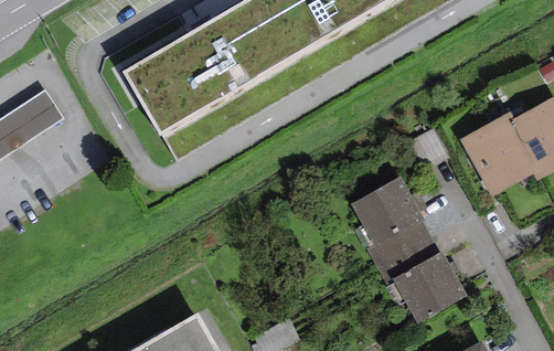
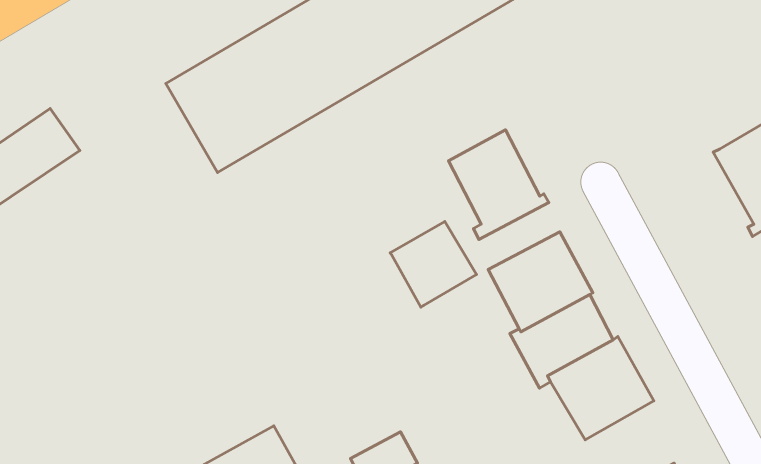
building: none -> [448,130,549,239]
building: [459,111,537,196] -> none
building: none -> [390,221,476,307]

